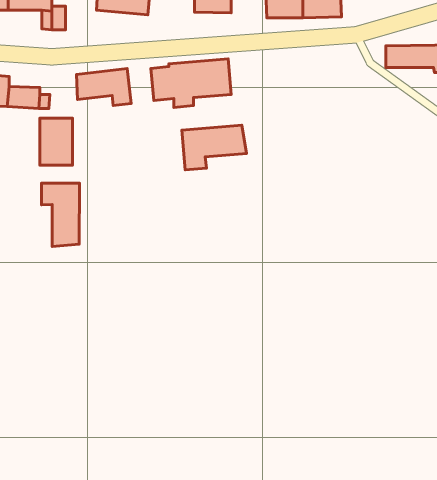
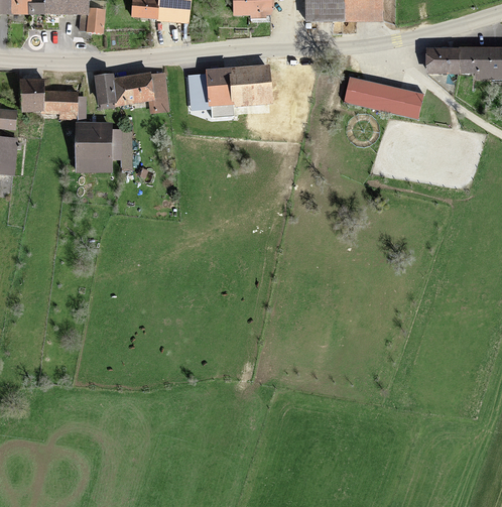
building: none -> [343,75,421,117]
building: none -> [96,77,115,106]
building: none -> [110,130,125,165]
building: [182,125,246,170] -> none
building: [41,183,79,246] -> none

